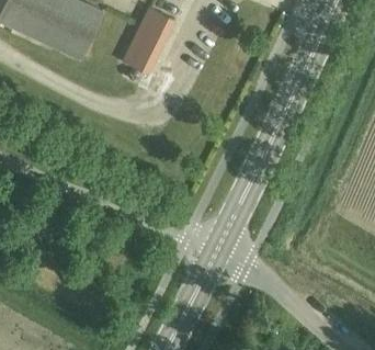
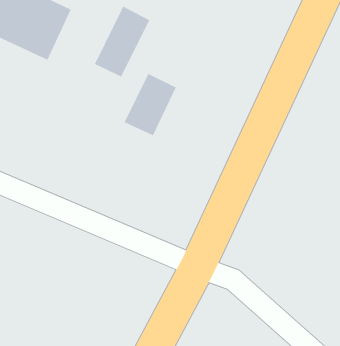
building: none -> [124,73,177,136]

